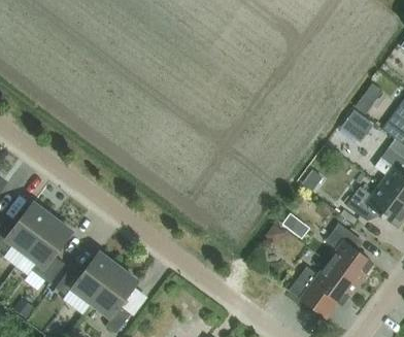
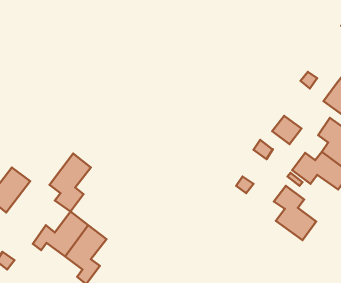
building: [341,109,374,141] -> [272,116,302,144]
building: [26,217,72,282] -> [49,154,91,212]
building: [290,262,358,316] -> none

